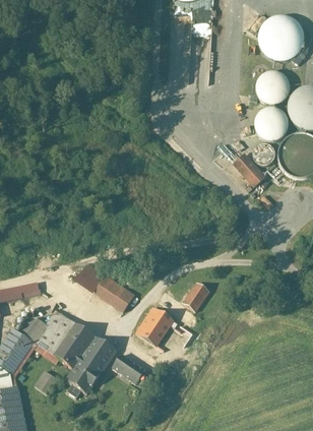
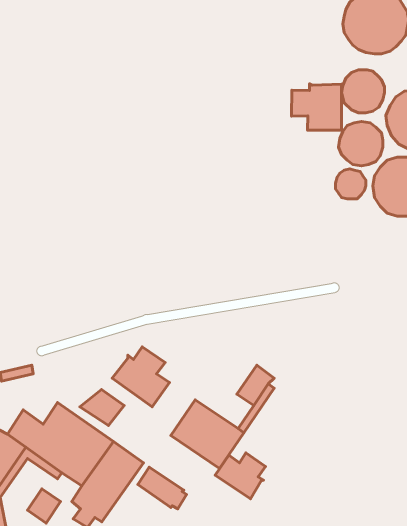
building: none -> [291,84,342,130]
building: [233,153,263,186] -> none
building: [73,266,105,292] -> [80,390,124,425]
building: none -> [215,453,266,499]

